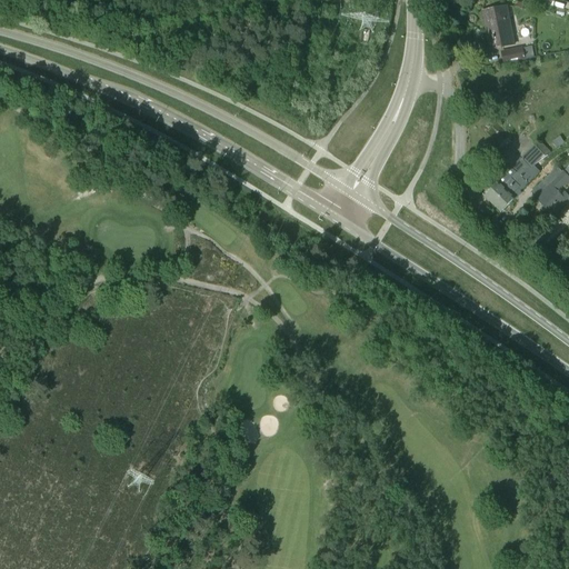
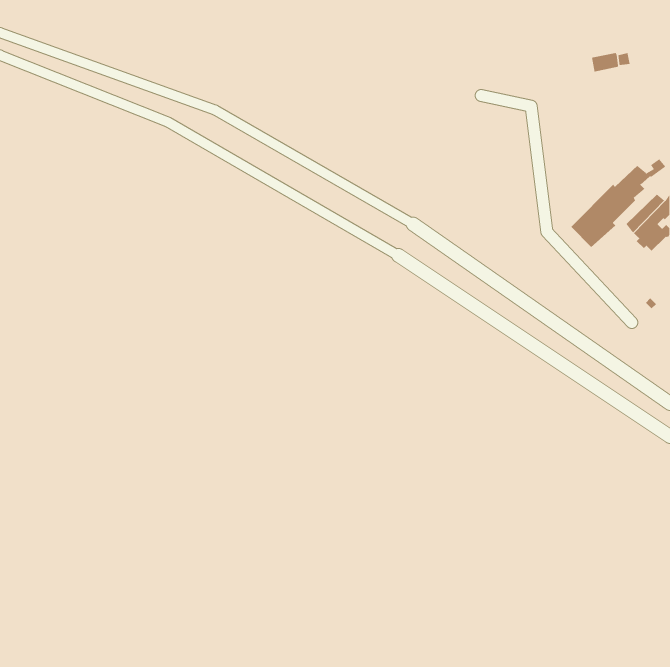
building: [482,4,516,48] -> none

